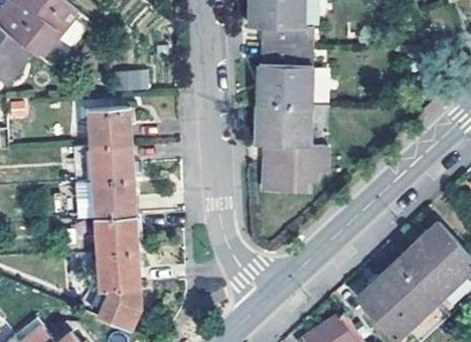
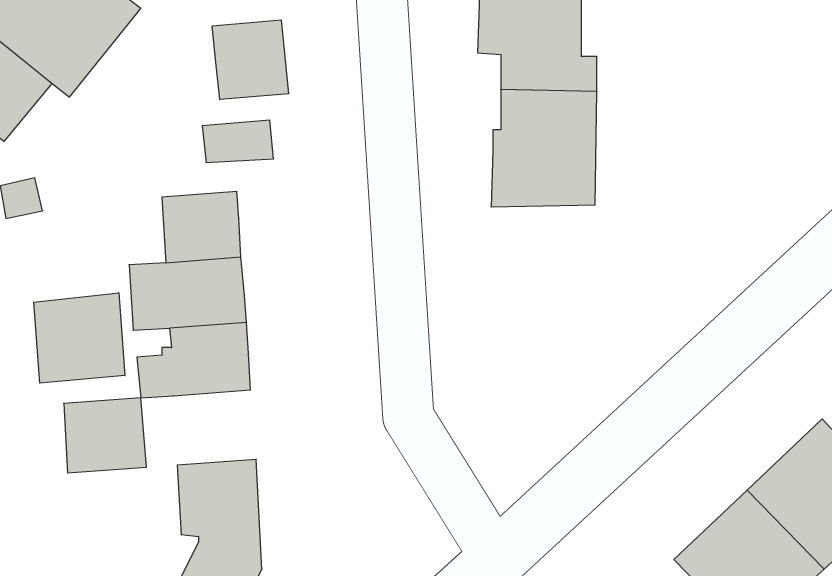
building: none -> [212,20,289,100]
building: [260,114,330,201] -> none
building: none -> [34,293,125,383]
building: [95,210,138,249] -> [64,398,146,473]

